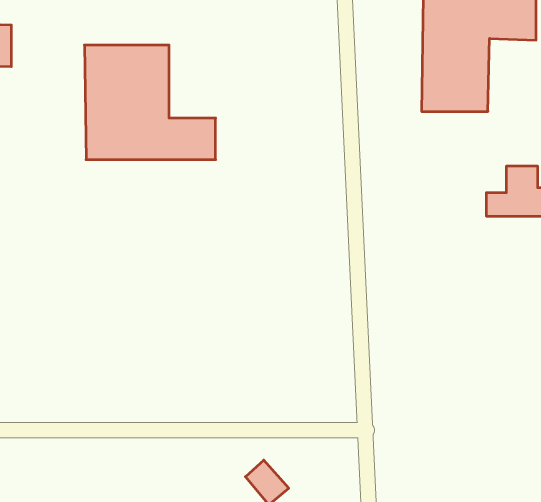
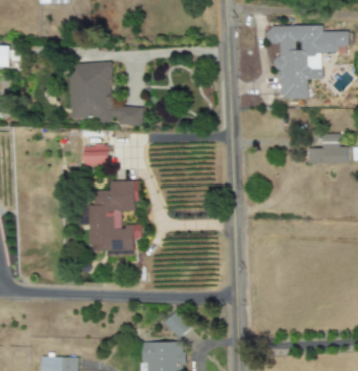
building: none -> [84,147,108,166]
building: none -> [88,180,141,250]

